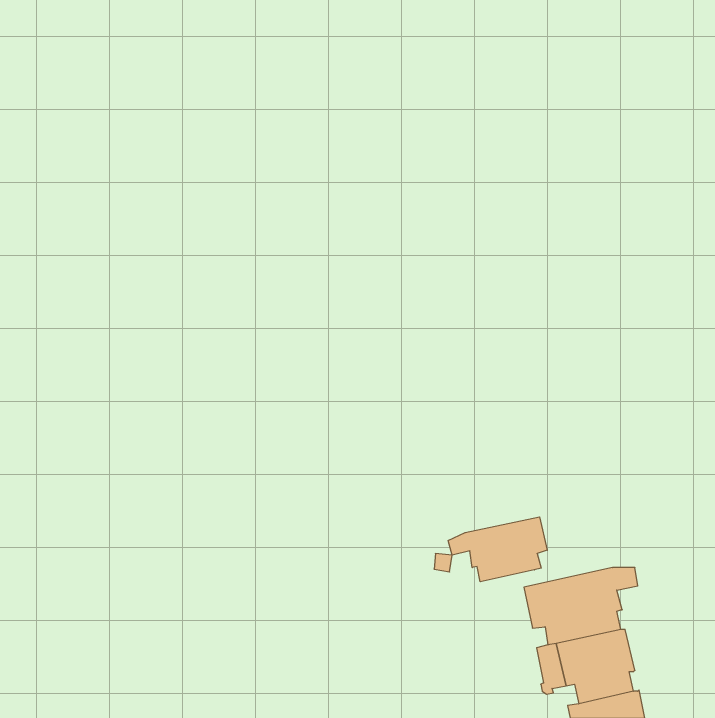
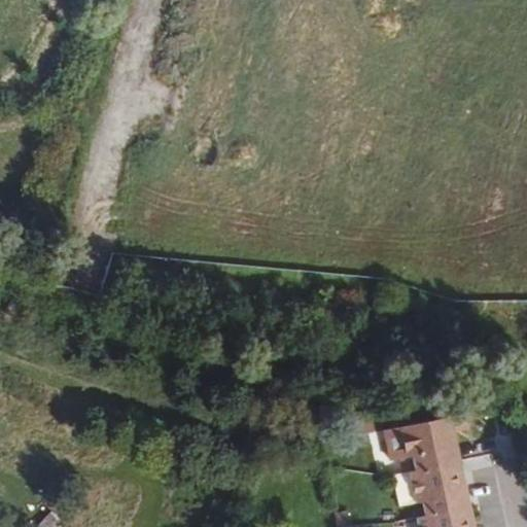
building: [448,517,547,582] -> none

